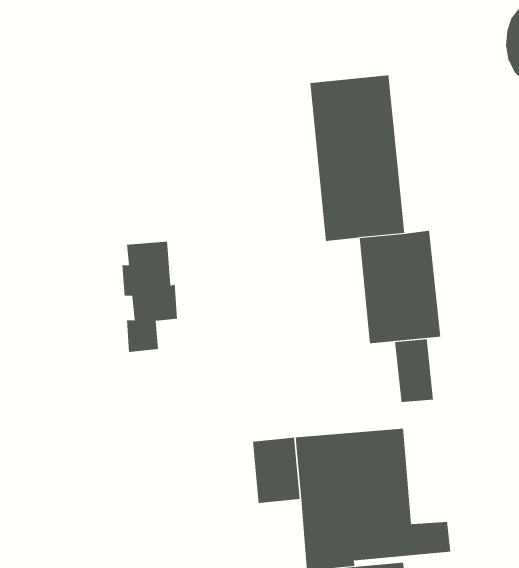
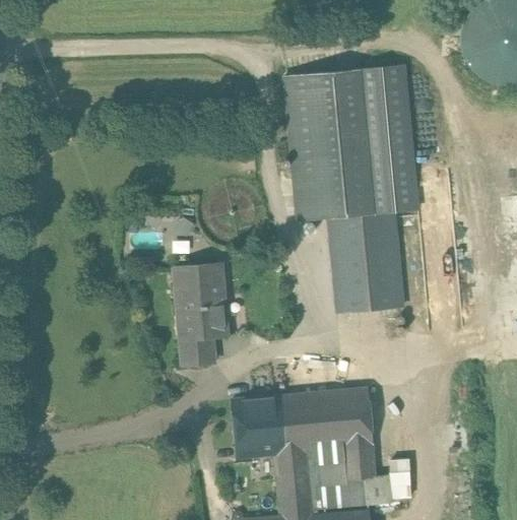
building: none -> [357,65,417,213]
building: [122,241,178,353] -> [177,265,228,366]
building: [395,339,434,403] -> none

